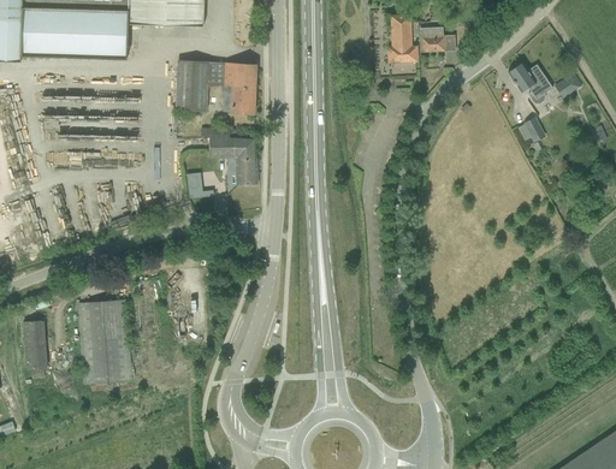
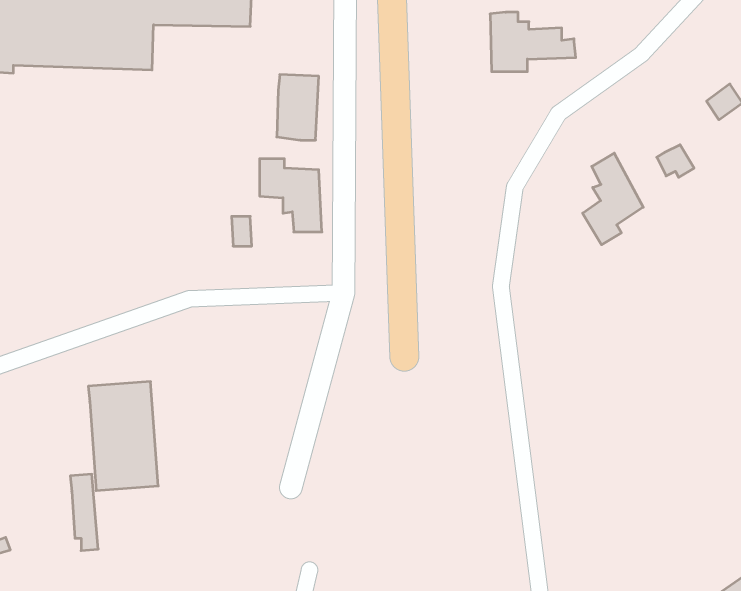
building: [176,60,208,109] -> none
building: [508,63,551,103] -> none
building: none -> [583,153,643,245]
building: [23,320,45,379] -> [70,474,98,551]

